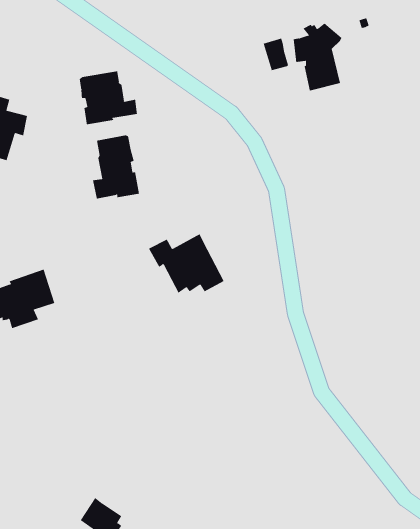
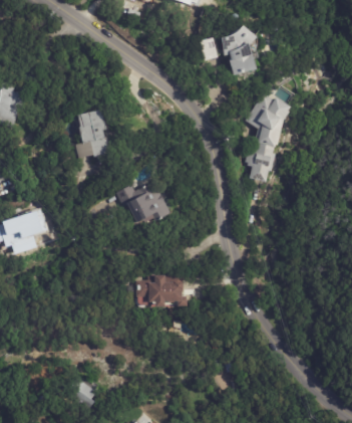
building: [79,70,137,125] -> none
building: none -> [245,93,294,185]
building: none -> [134,272,188,306]

